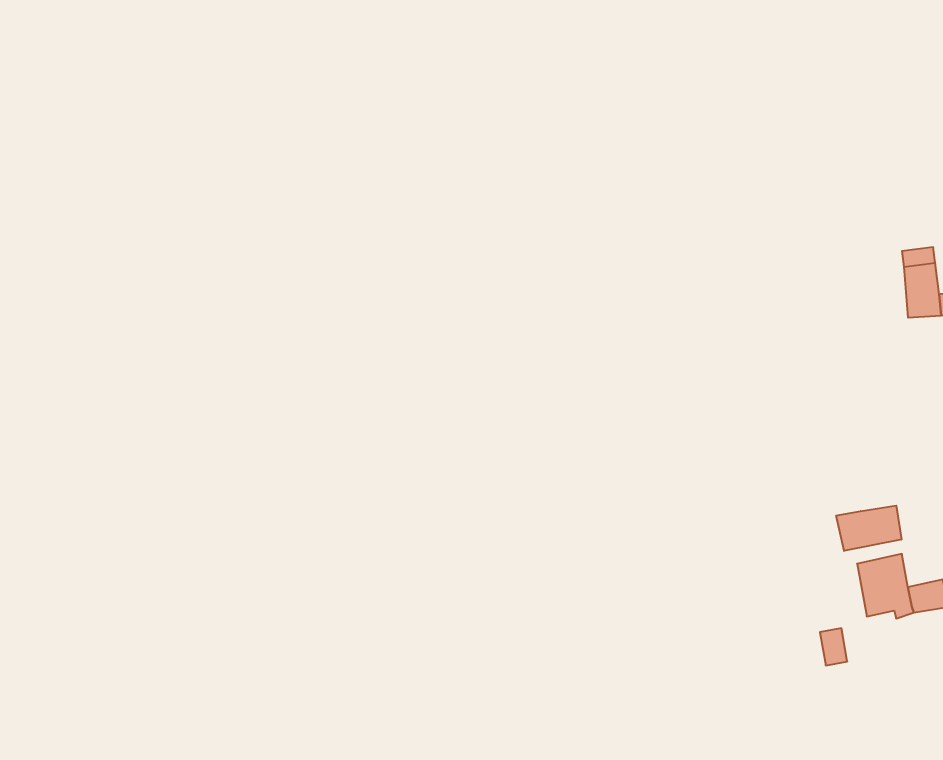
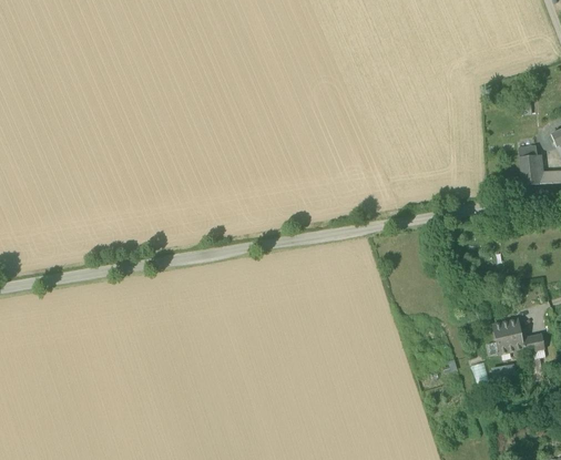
building: [836,506,901,551] -> none

